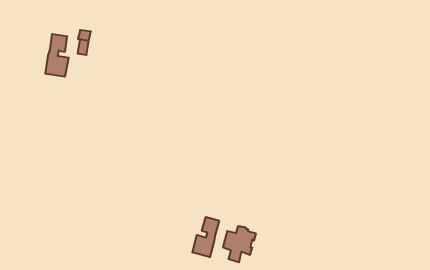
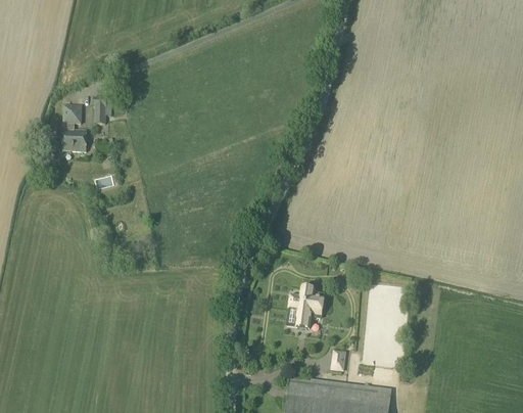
building: [193,217,219,257] -> none

